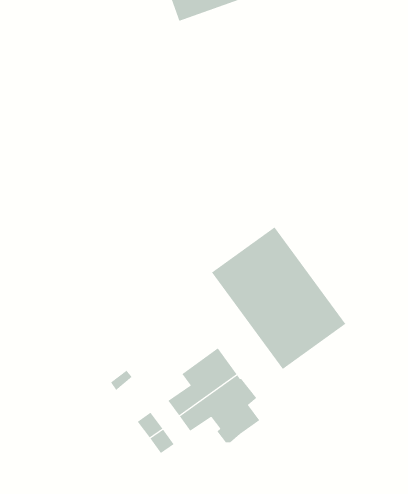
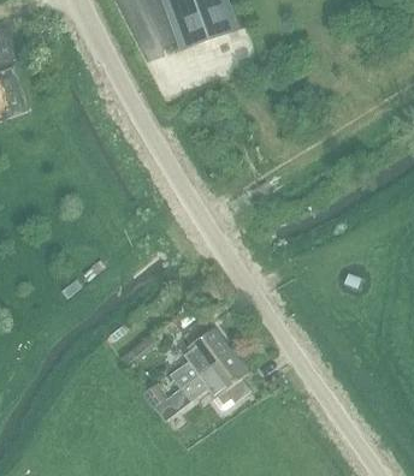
building: [211,226,346,370] -> none

